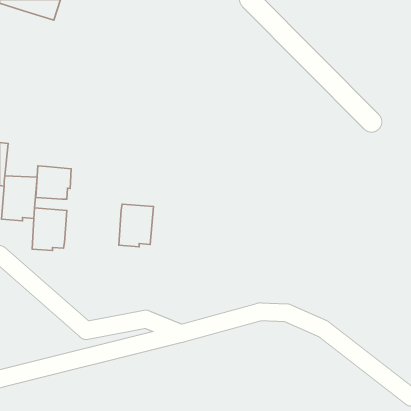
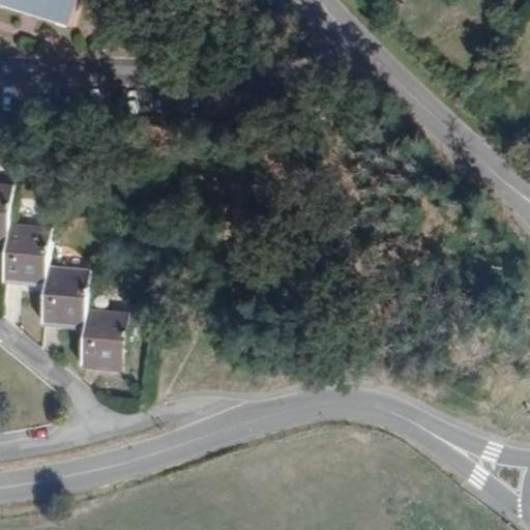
building: [36,166,71,199] -> none
building: [119,204,154,247] -> [79,312,123,366]

